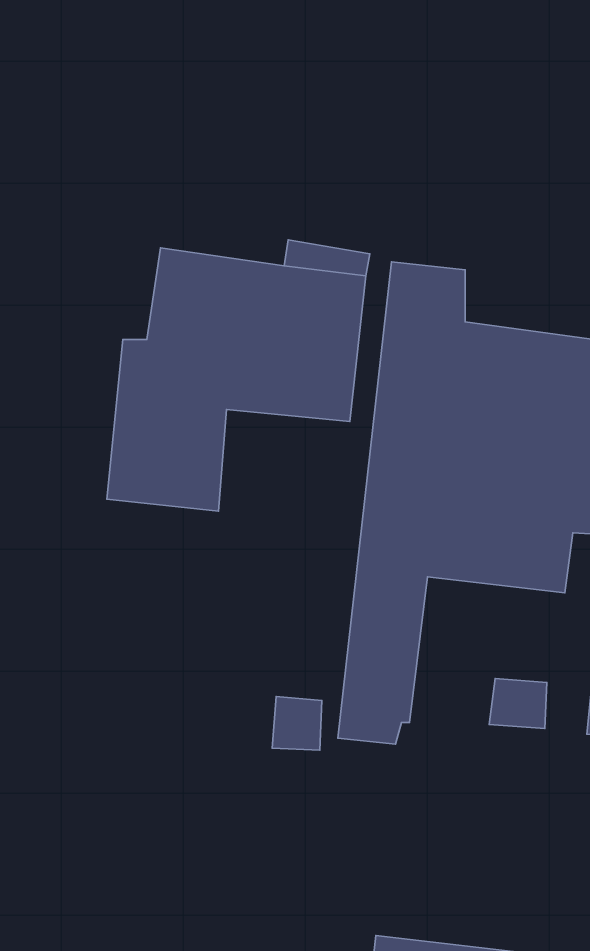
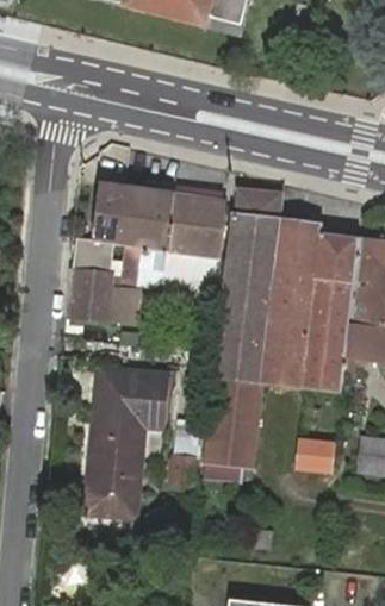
building: none -> [88,370,169,514]

